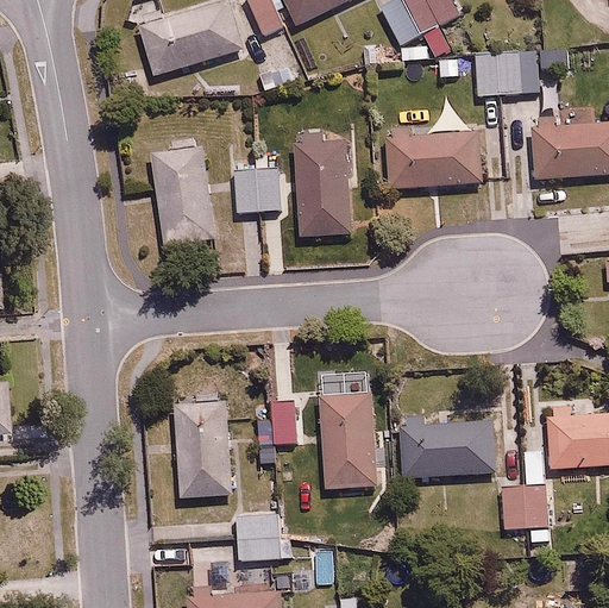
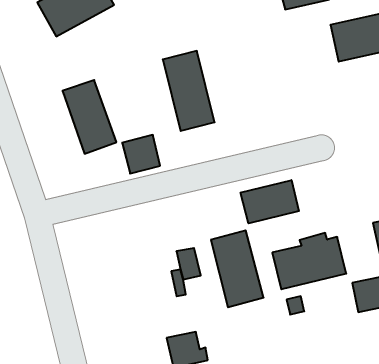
building: [377,129,477,188] -> none
building: [233,164,280,212] -> [122,135,160,174]
building: none -> [241,180,299,223]
building: [174,400,231,495] -> none

